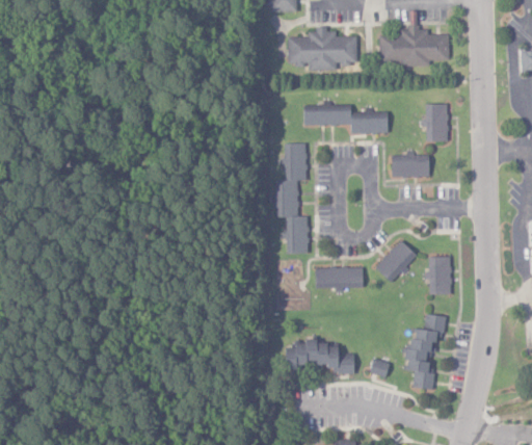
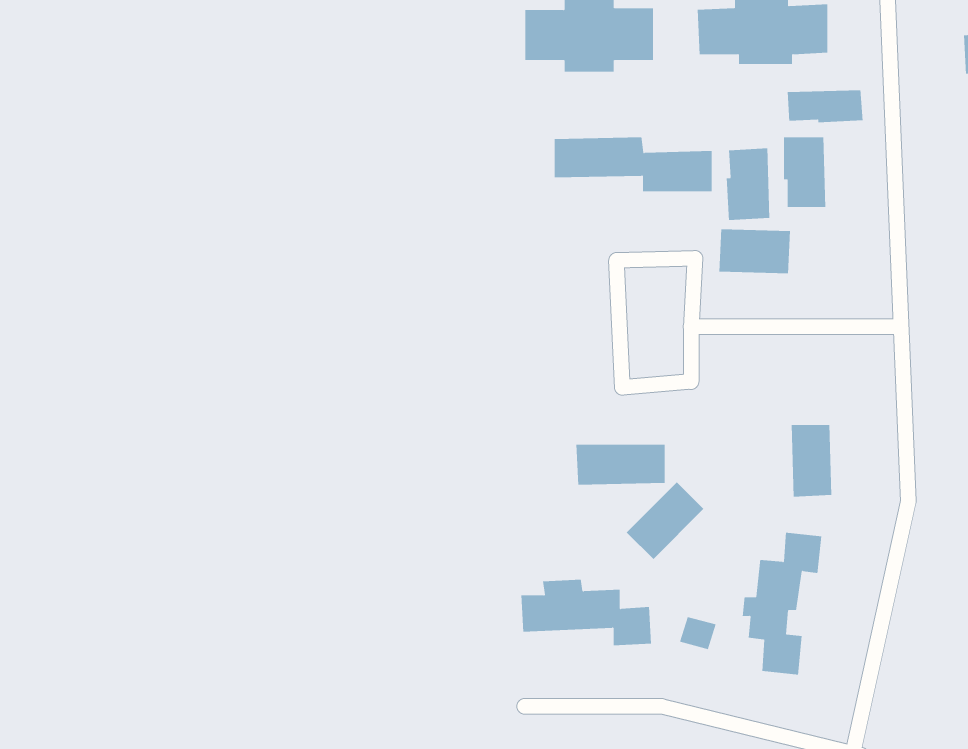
building: none -> [787,90,863,123]
building: none -> [726,148,770,221]
building: [275,142,309,254] -> none
building: [375,240,417,282] -> [626,481,704,560]

